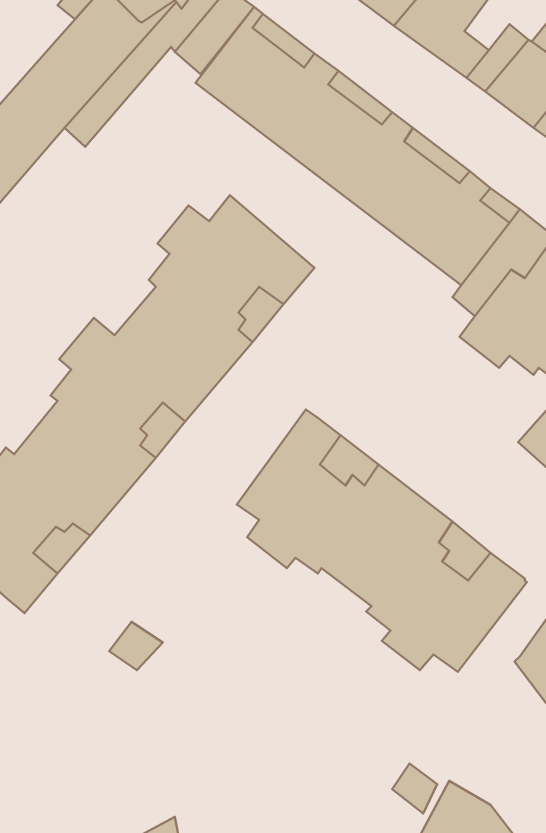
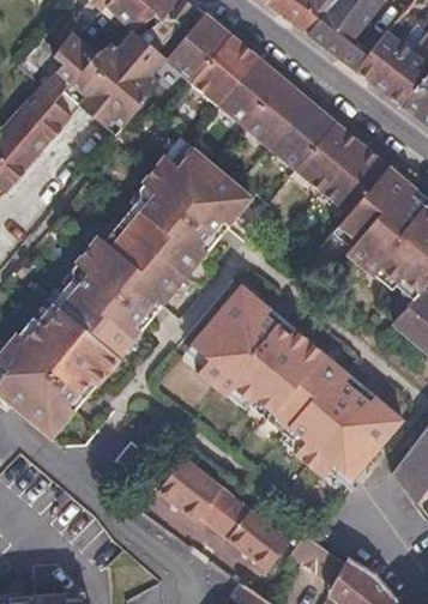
building: none -> [92,48,173,135]
building: none -> [155,455,290,570]

